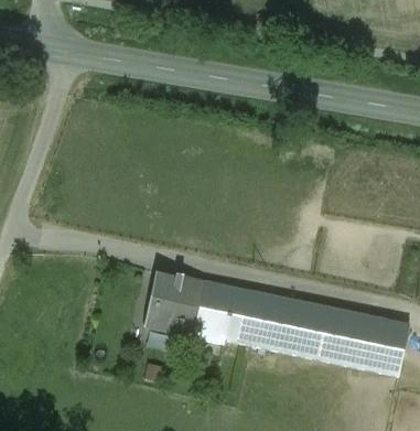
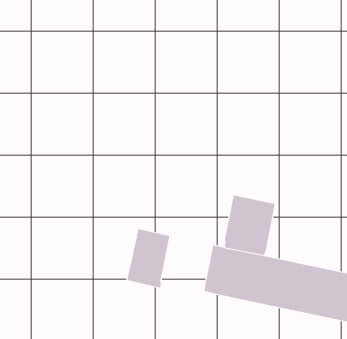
building: [181,278,237,344] -> [224,195,275,255]

